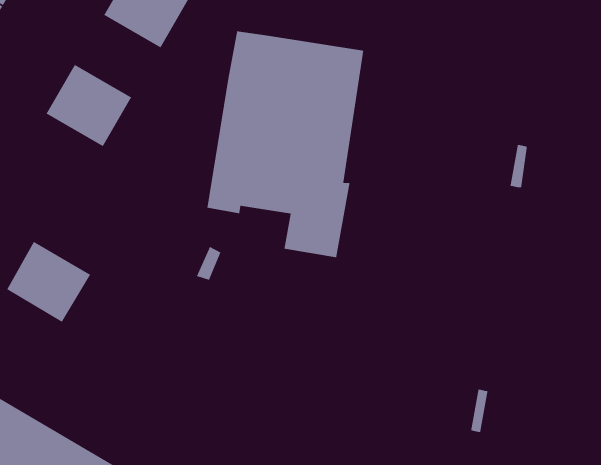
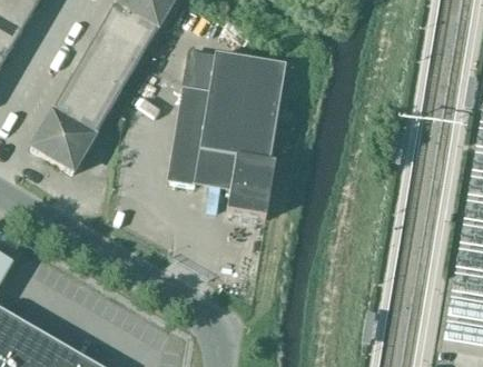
building: none -> [72,37,136,97]
building: [6,241,91,323] -> [31,109,93,169]

